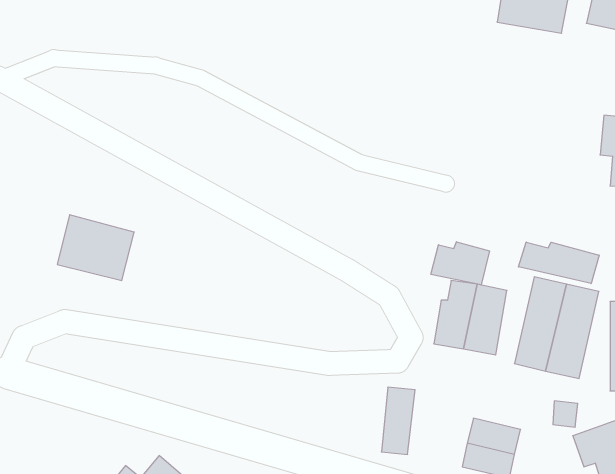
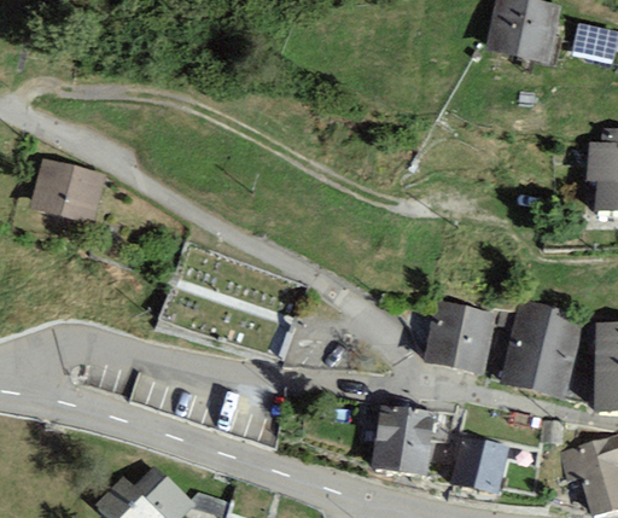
building: [57,215,134,281] -> [30,157,105,221]
building: [431,242,490,285] -> none
building: [518,242,599,284] -> none
building: none -> [398,408,433,475]

